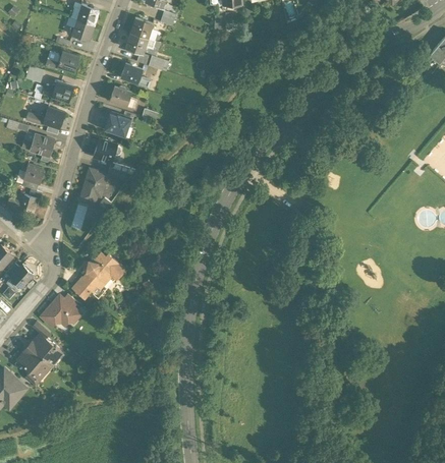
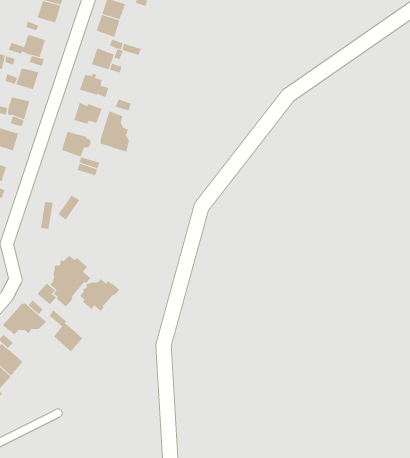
building: none -> [100,111,129,152]
building: [80,169,107,205] -> none
building: none -> [80,276,120,312]
building: none -> [49,309,83,352]

